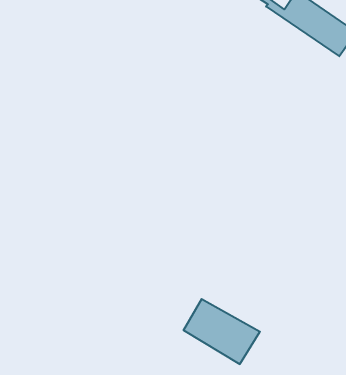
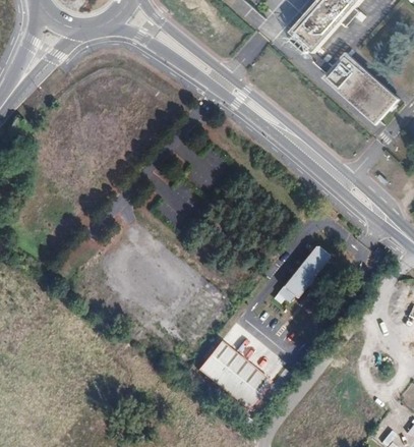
building: none -> [273,240,327,300]

